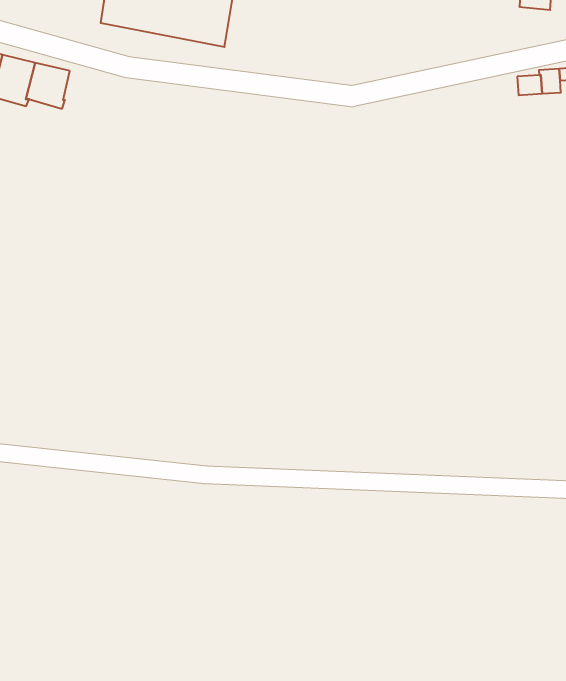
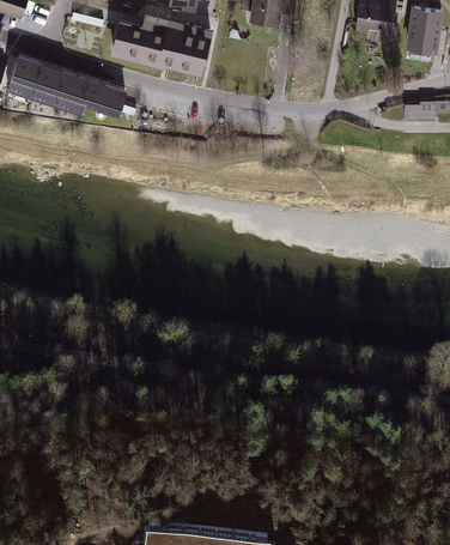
building: none -> [84,83,124,114]

